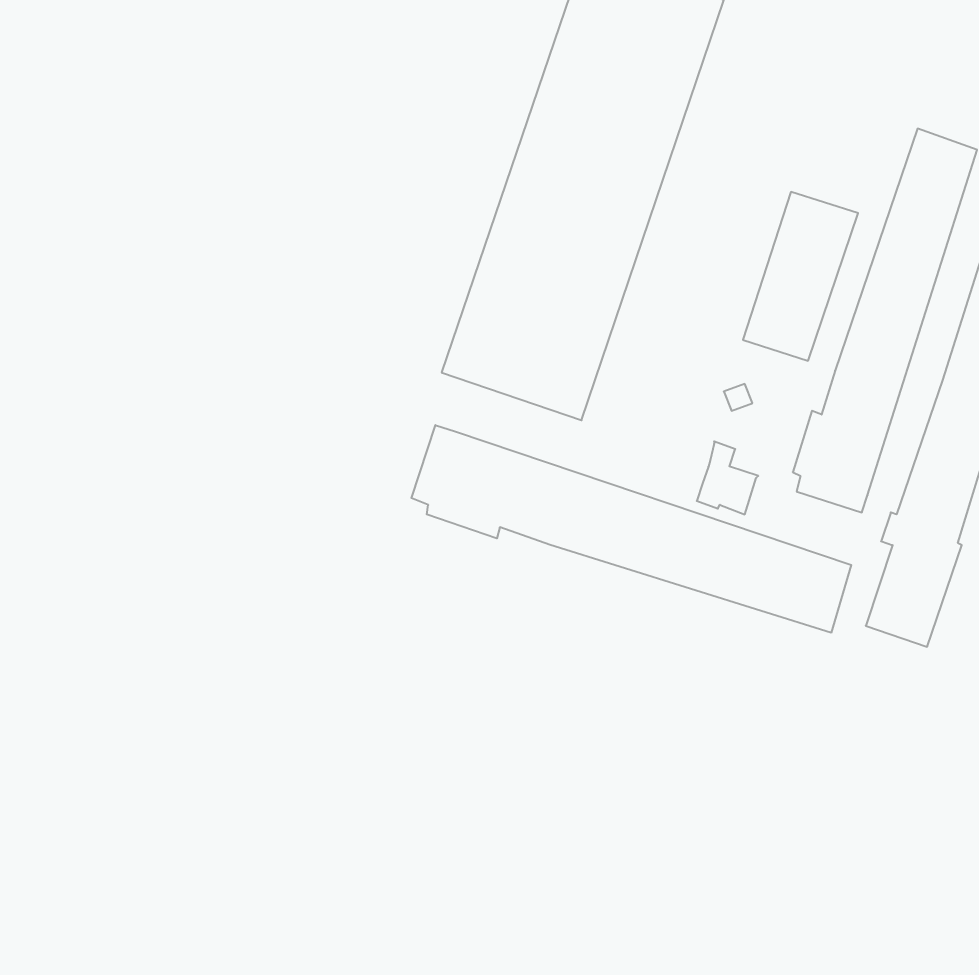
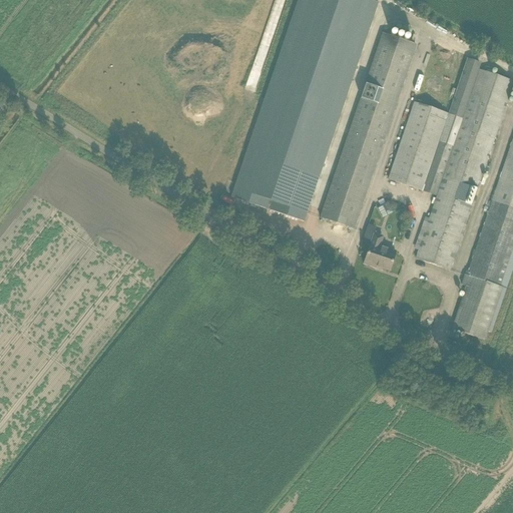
building: none -> [321,31,416,226]
building: none -> [423,56,482,193]
building: [411,425,851,633] -> none

